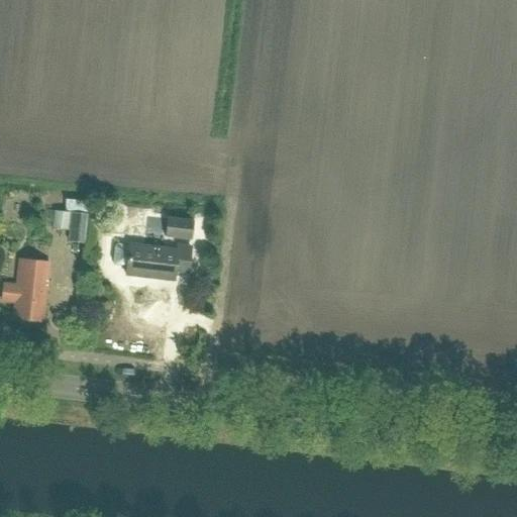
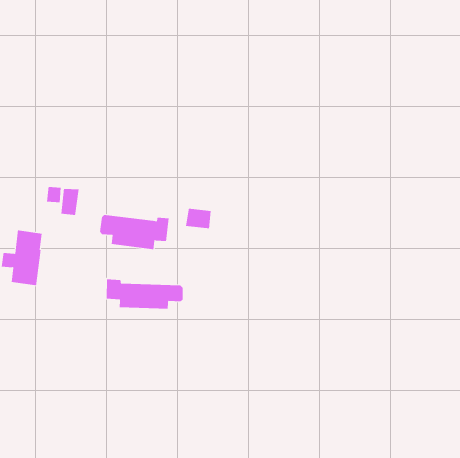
building: [165,215,194,238] -> [185,208,211,229]
building: none -> [106,278,183,309]

